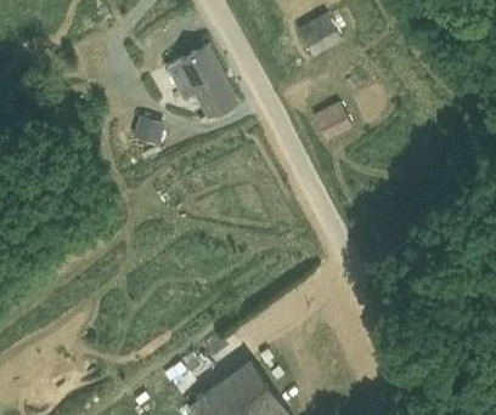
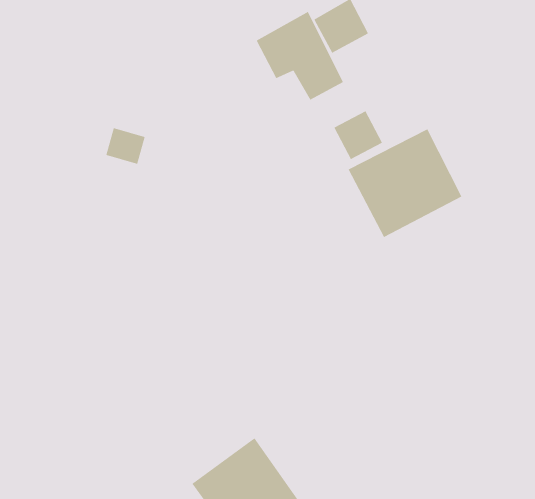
building: [165,46,235,116] -> [256,11,344,101]
building: none -> [348,129,462,238]

